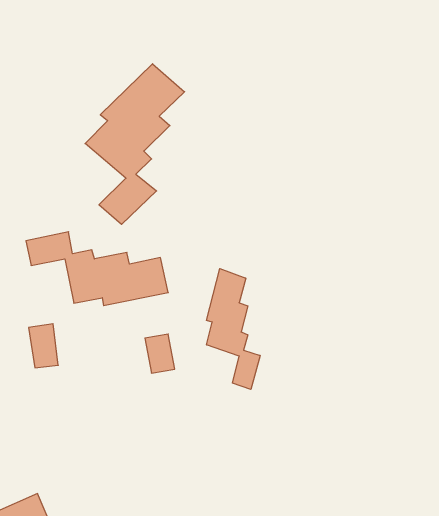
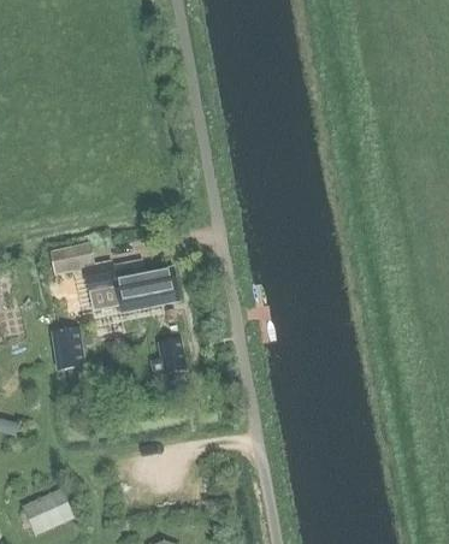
building: [85,64,185,224] -> none
building: [206,269,260,389] -> none

